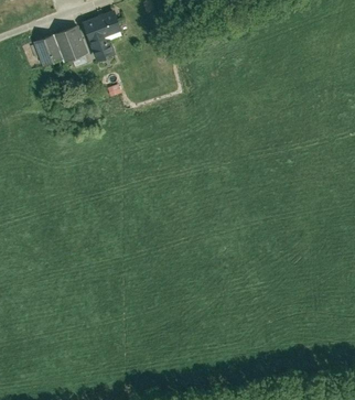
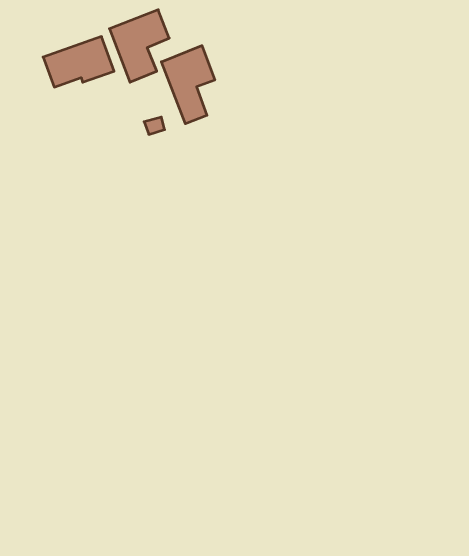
building: none -> [161,46,215,124]

